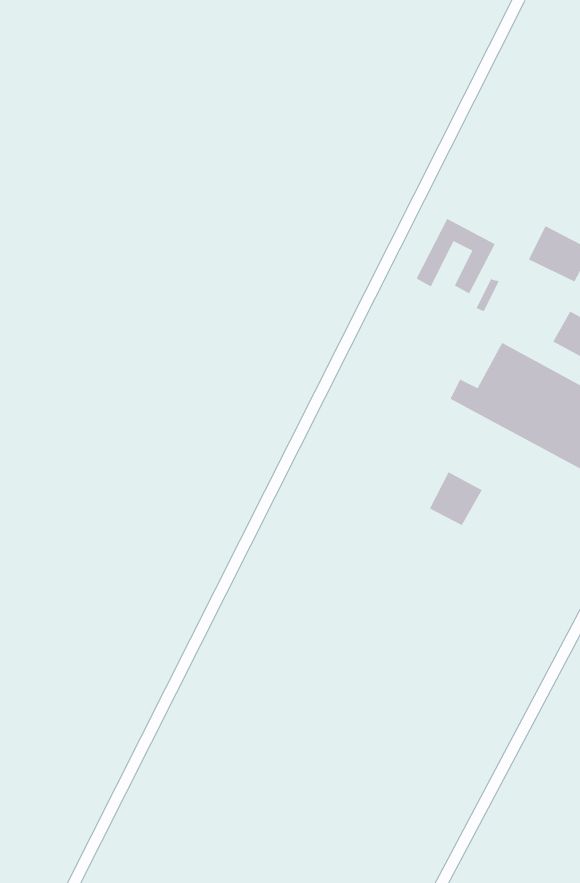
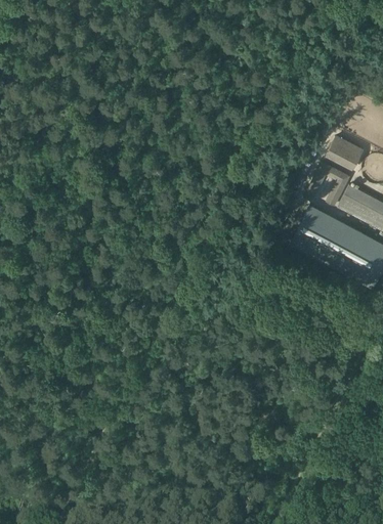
building: [416,218,496,294] -> [303,163,350,208]
building: [429,471,483,526] -> none

